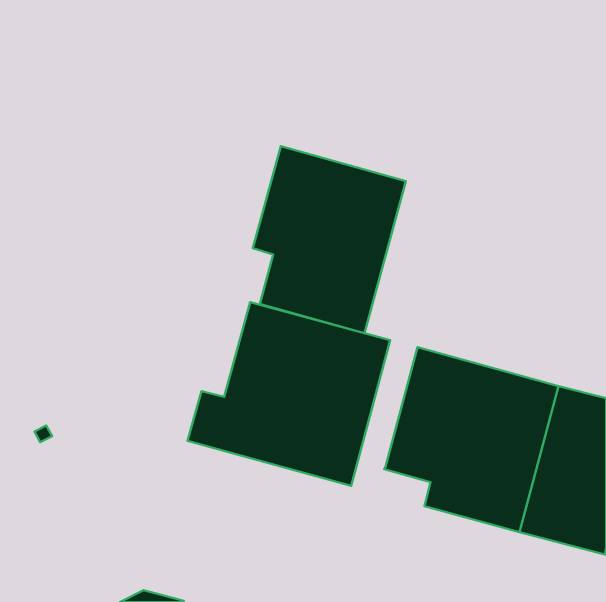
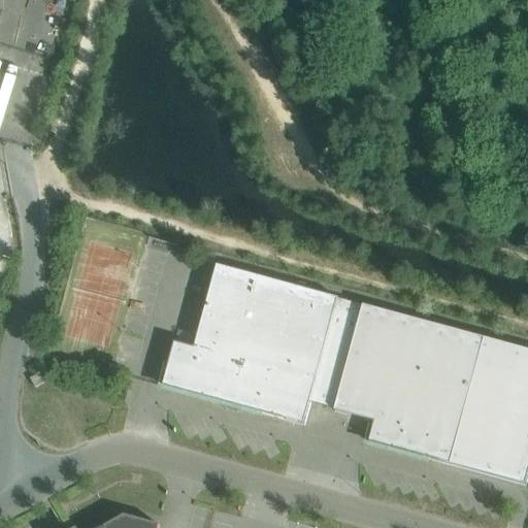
building: [253,146,406,333] -> none
building: none -> [311,296,363,406]

